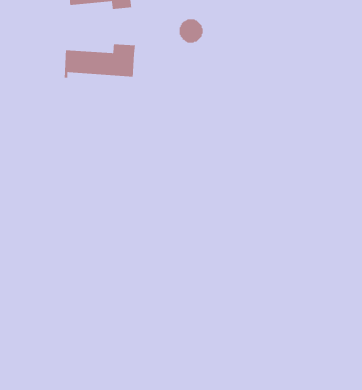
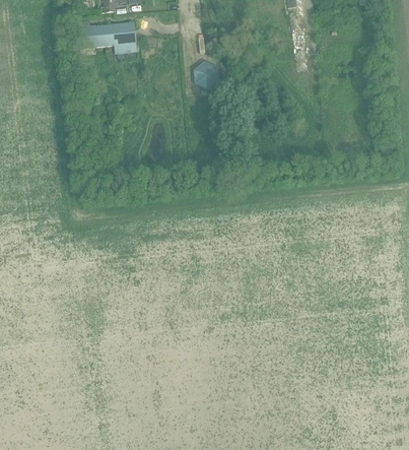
building: [64,43,136,79] -> none

